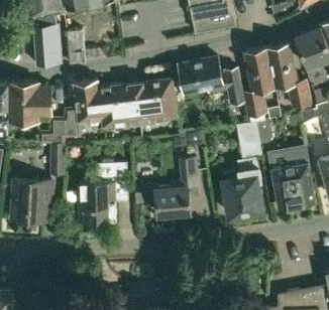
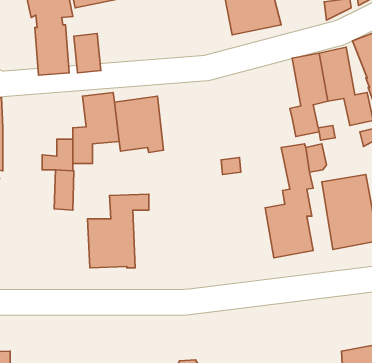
building: [178,57,244,104] -> none
building: [133,79,176,127] -> none
building: [9,84,50,122] -> none
building: [134,159,199,215] -> none
building: [11,179,50,221] -> none

